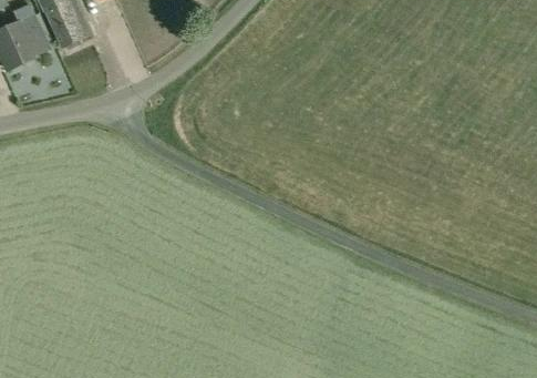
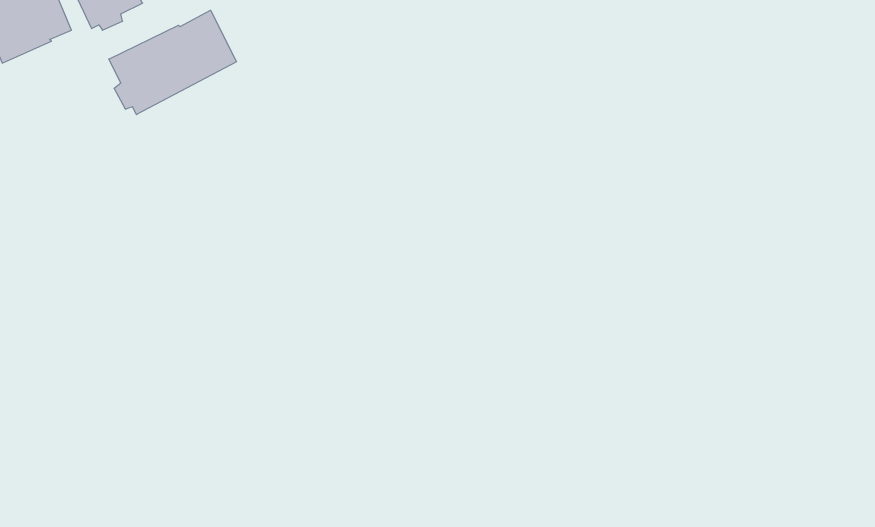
building: none -> [109,10,236,115]

